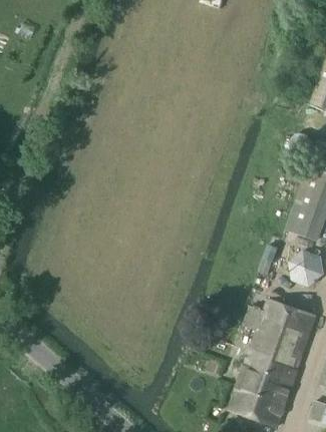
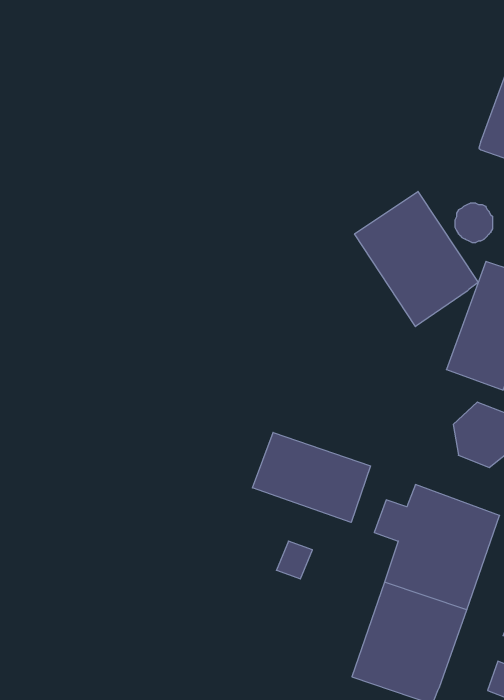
building: none -> [355,191,478,327]
building: none -> [252,432,371,522]

